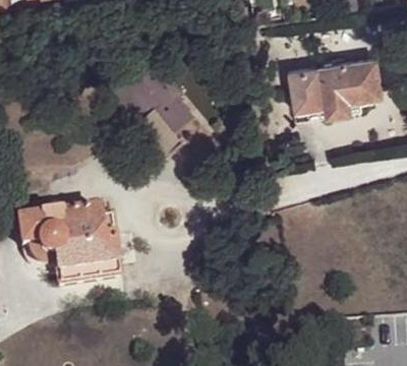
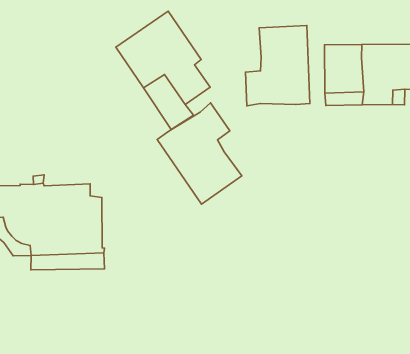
building: none -> [246,25,310,106]
building: none -> [157,103,242,204]

